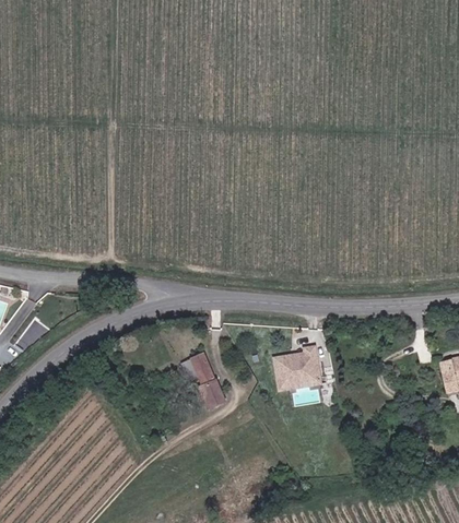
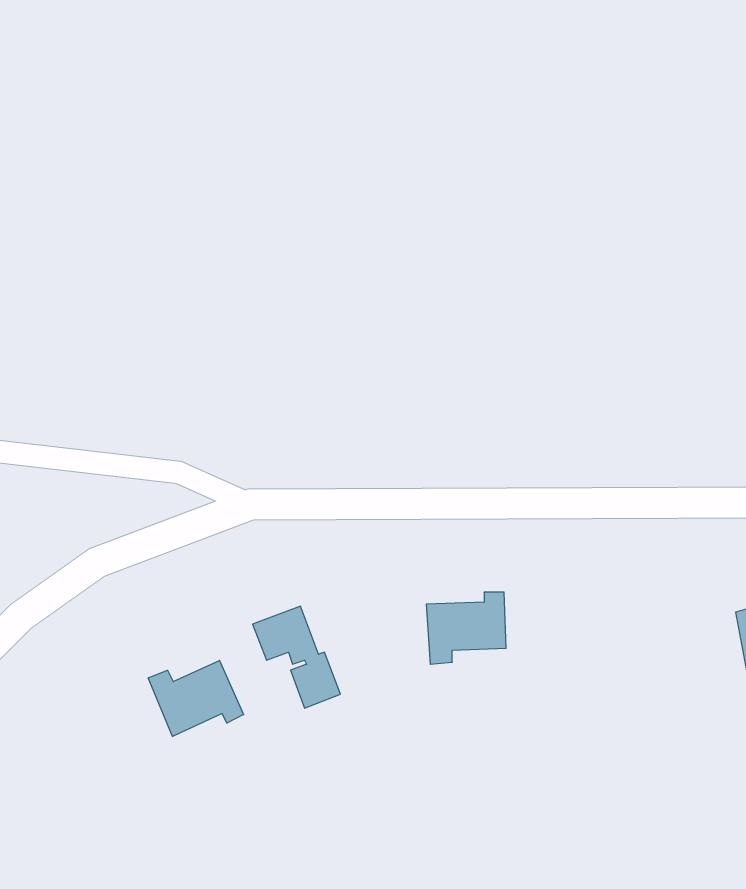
building: none -> [148,660,244,737]

